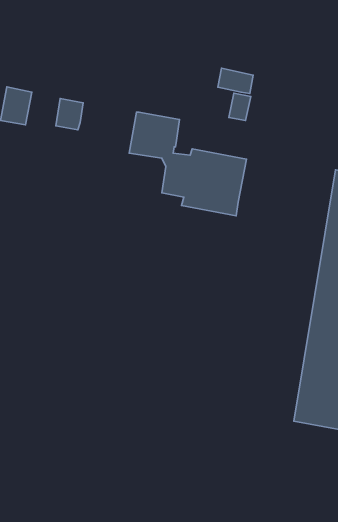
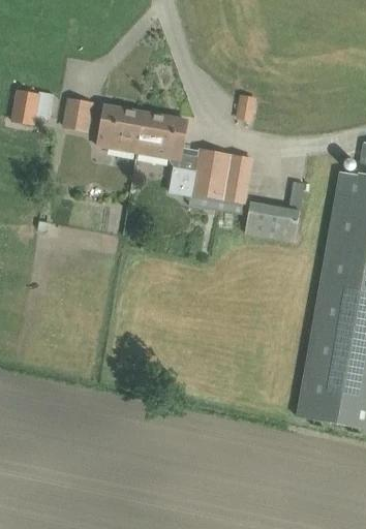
building: [218,68,253,93] -> none
building: none -> [98,104,144,152]
building: none -> [244,180,304,241]

